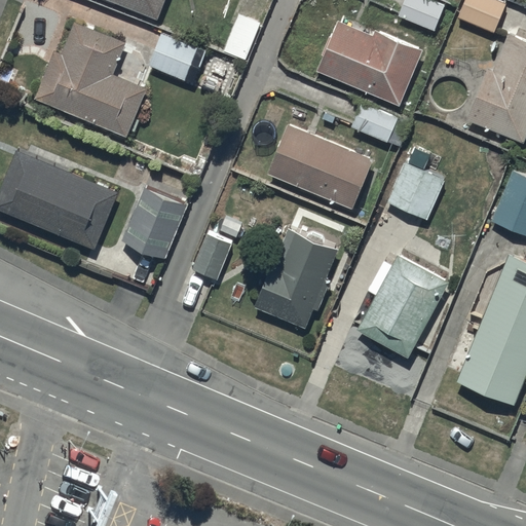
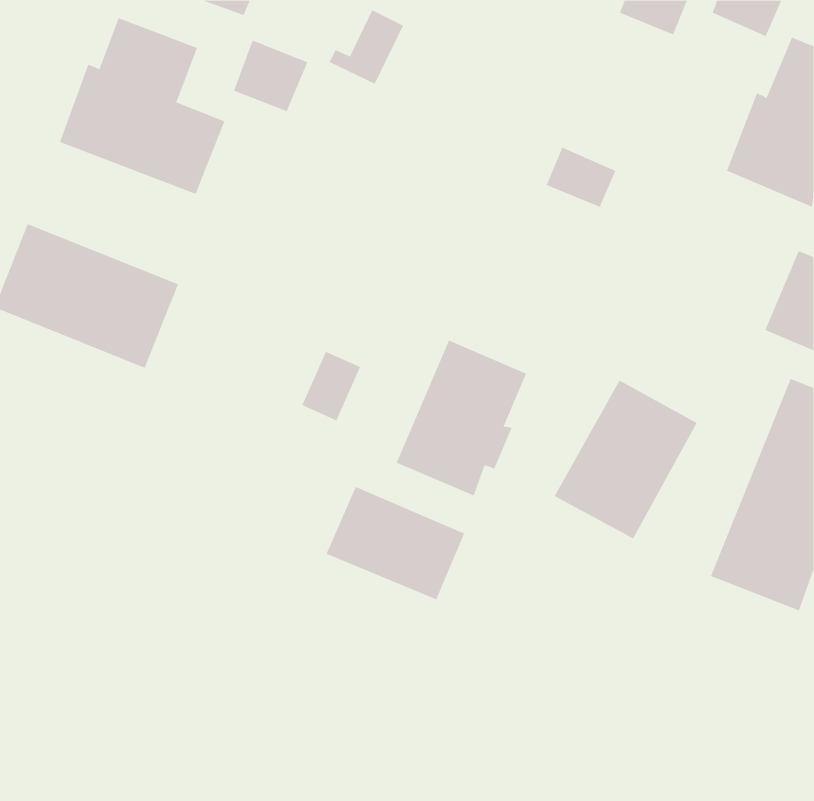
building: [316,22,422,106] -> none
building: [268,123,372,208] -> none
building: [386,164,444,220] -> none
building: [122,185,190,260] -> none
building: none -> [326,486,465,600]

